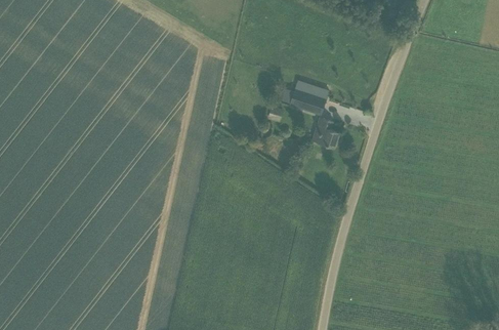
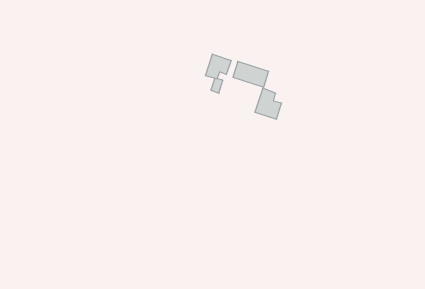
building: none -> [205,54,231,79]

